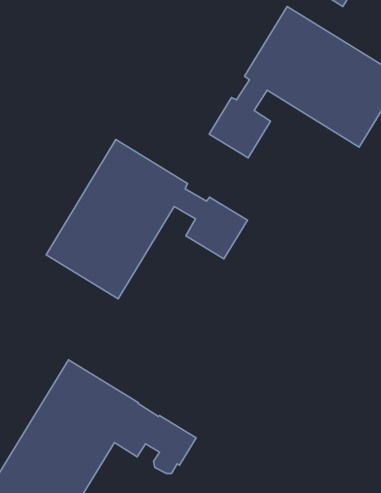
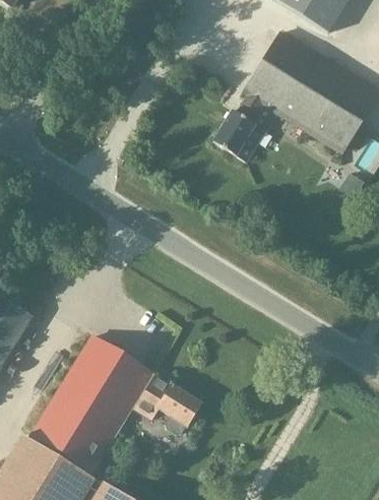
building: [46,140,248,299] -> none

